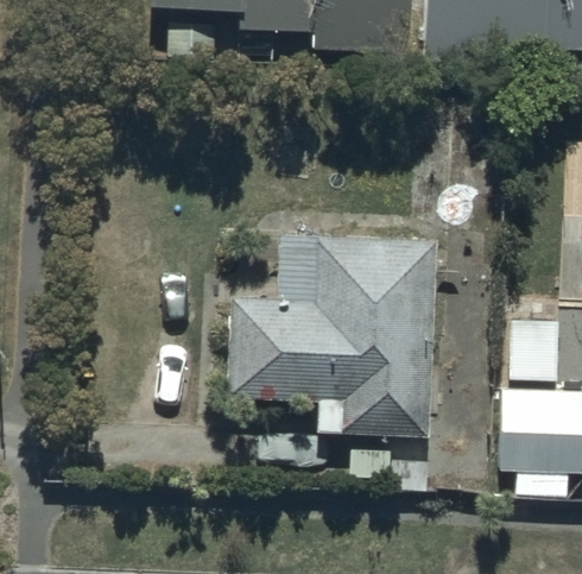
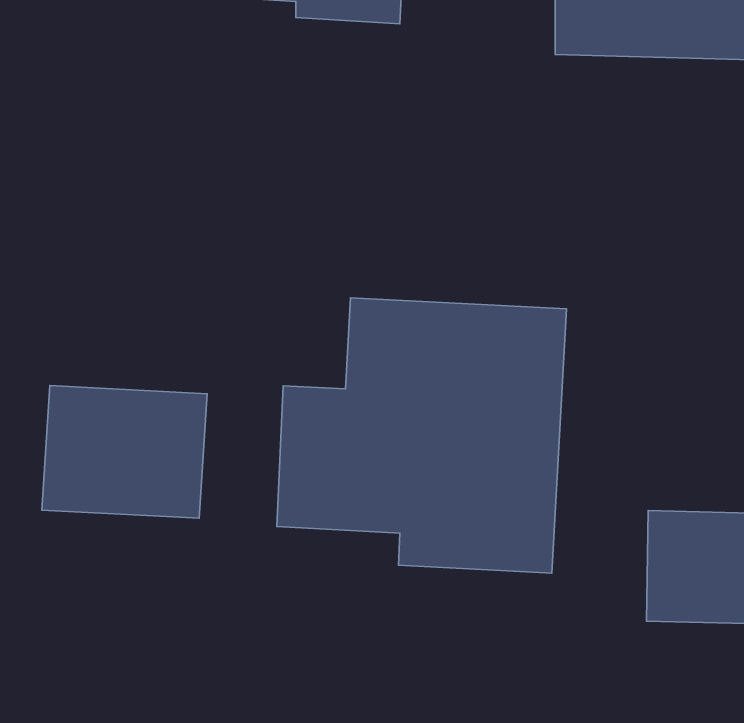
building: none -> [42,386,207,518]

